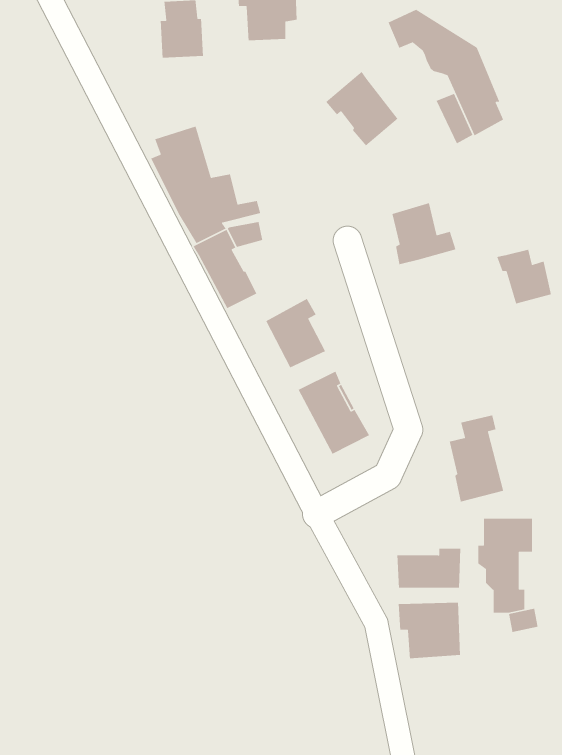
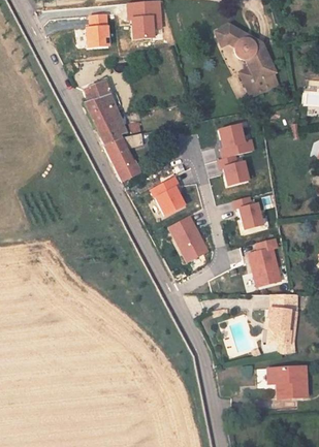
building: [325,71,398,146] -> none
building: [496,249,552,304] -> [215,155,245,185]
building: none -> [230,196,258,229]
building: [396,548,461,588] -> none
building: [398,602,461,659] -> [268,368,302,398]

